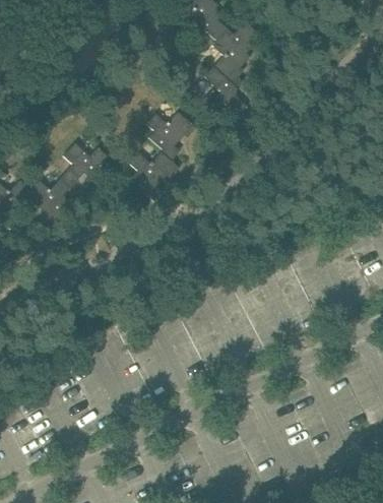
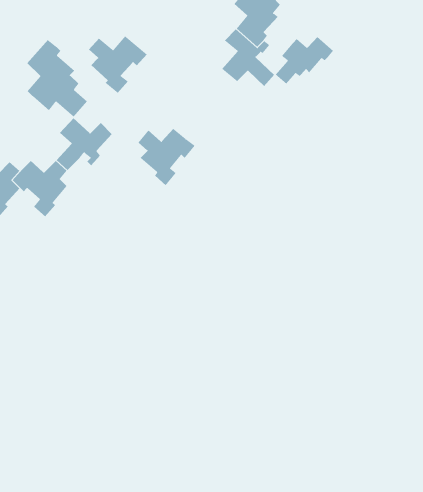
building: none -> [275,36,334,84]
building: none -> [26,39,88,118]
building: [146,110,197,160] -> [88,35,147,94]

